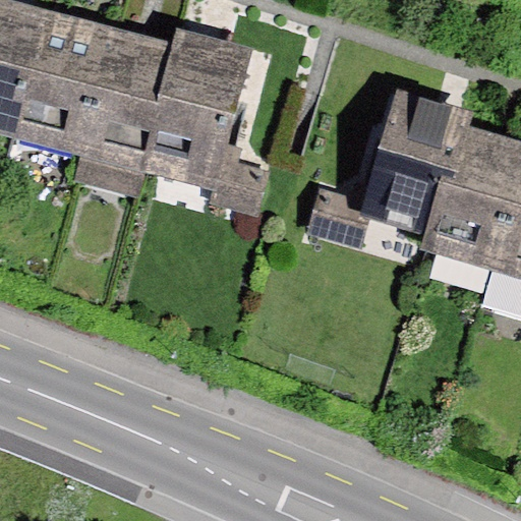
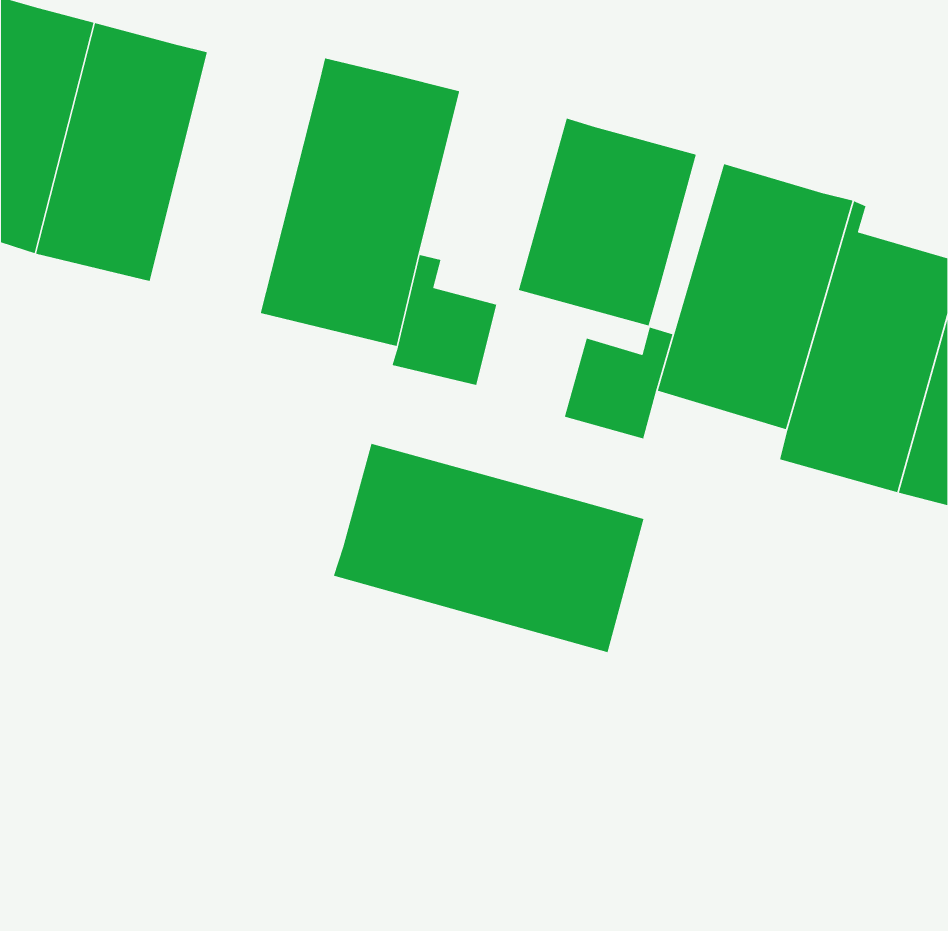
building: [82,28,175,172] -> none
building: none -> [518,117,697,326]
building: none -> [333,443,644,653]

